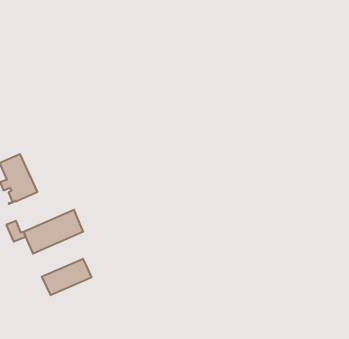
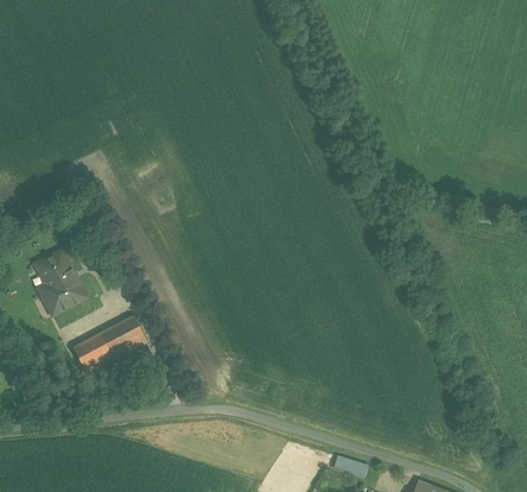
building: [42,259,91,295] -> none

